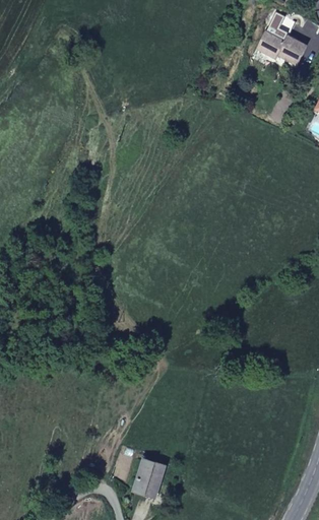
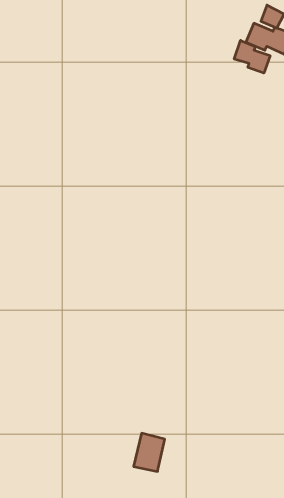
building: none -> [234,40,270,73]

